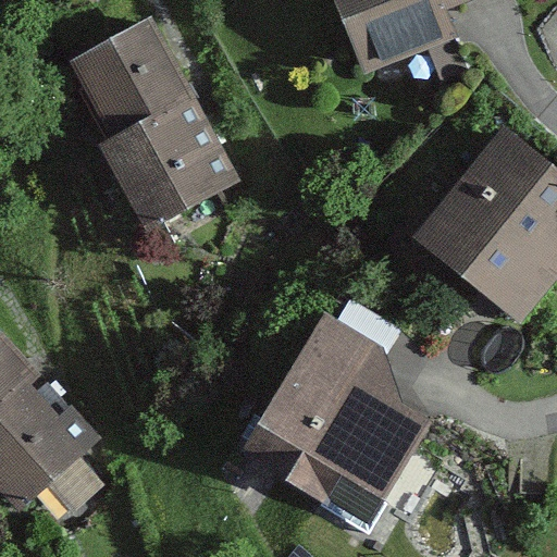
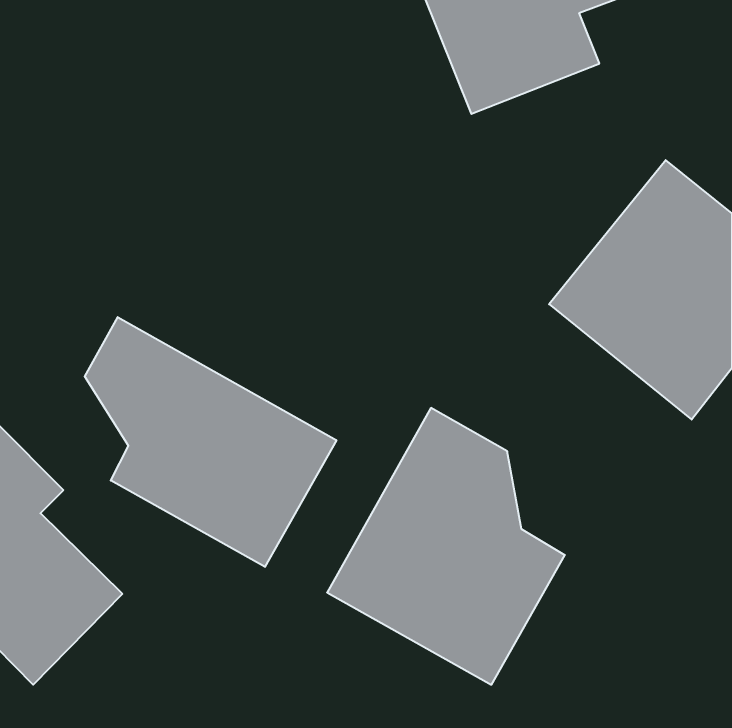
building: [69,21,239,232] -> none
building: none -> [85,317,336,567]

